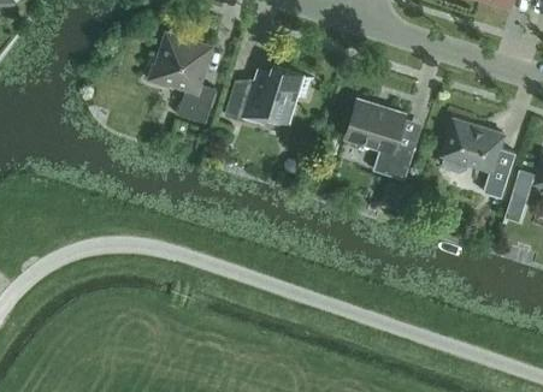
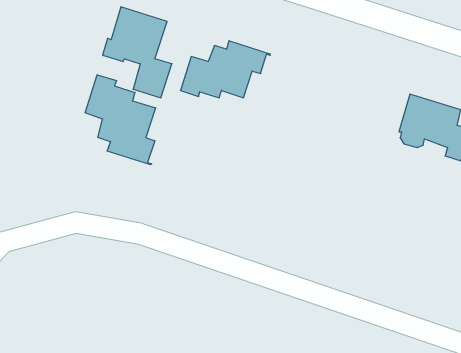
building: [344,97,414,179] -> none
building: none -> [85,75,156,165]

